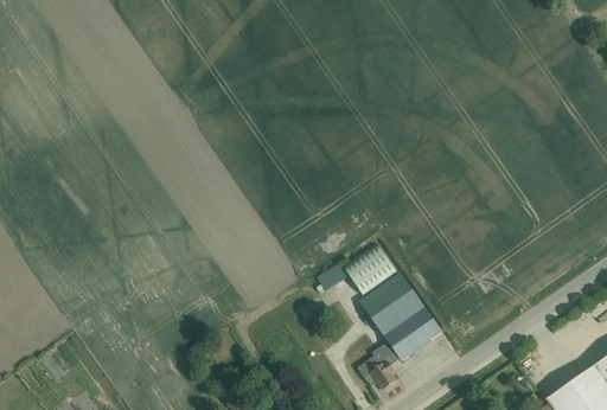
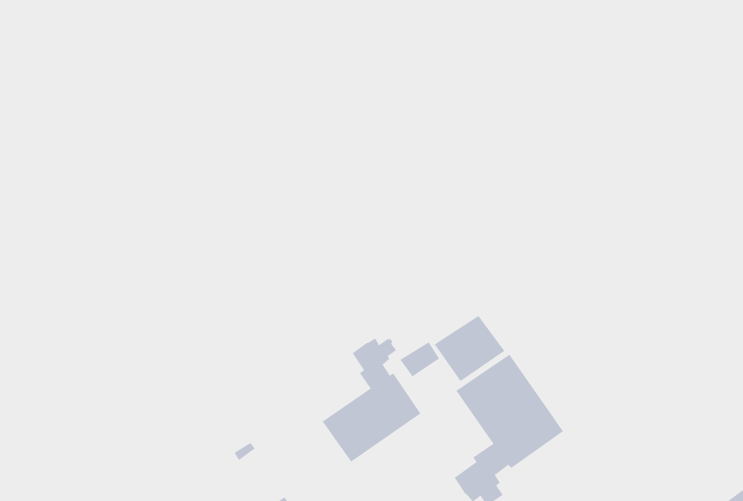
building: none -> [322,338,421,462]

